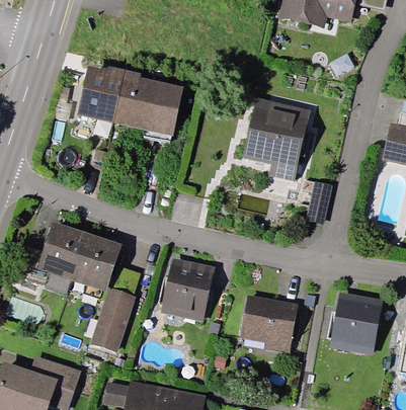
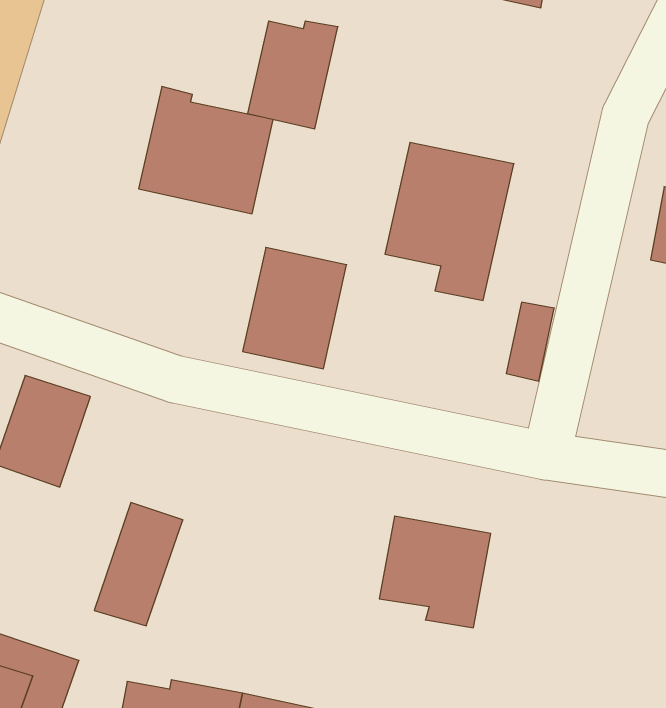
building: [77,66,125,122] -> [247,21,338,129]
building: [71,232,121,291] -> none
building: [160,258,215,322] -> [243,247,347,369]
building: [329,292,382,355] -> none

